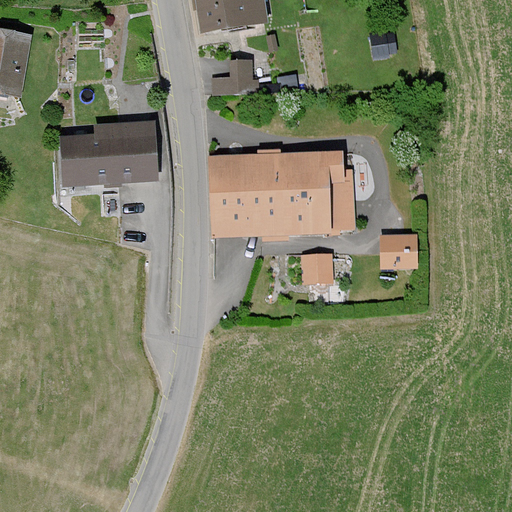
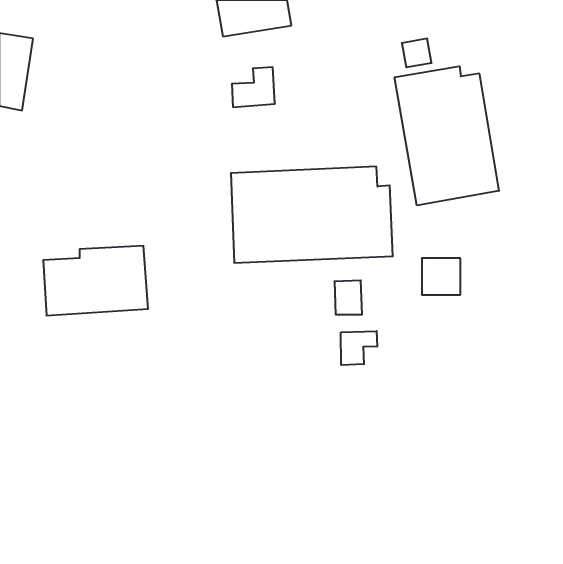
building: none -> [395,66,499,205]
building: [60,120,155,183] -> [43,246,148,315]
building: none -> [341,331,377,365]

